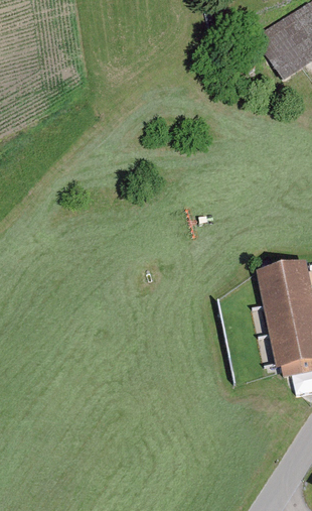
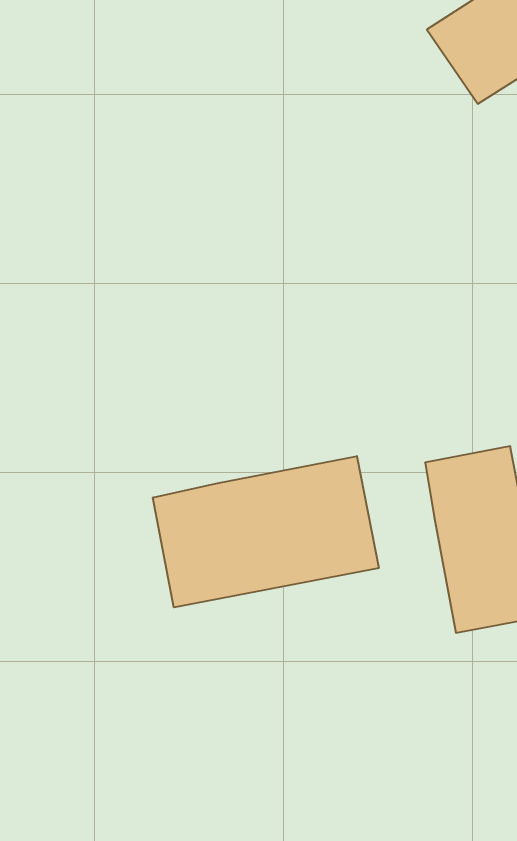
building: none -> [153,456,379,607]

